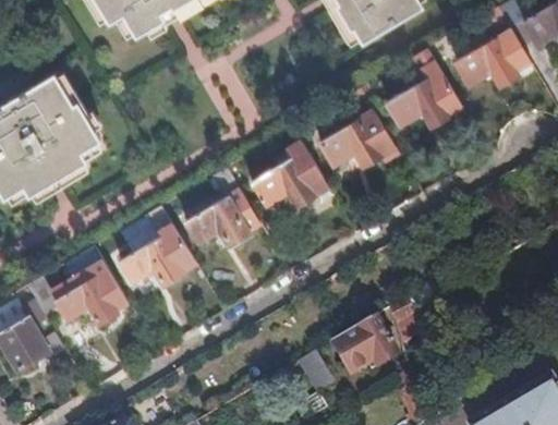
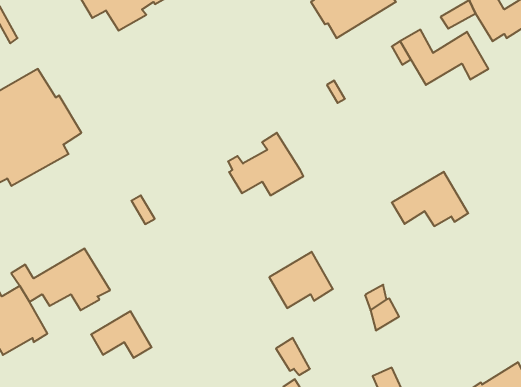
building: [387,78,450,126] -> none
building: [320,111,399,167] -> [392,172,468,226]
building: [187,167,250,246] -> none
building: [121,236,183,284] -> [91,311,152,358]
building: [333,317,399,375] -> [269,252,333,308]

